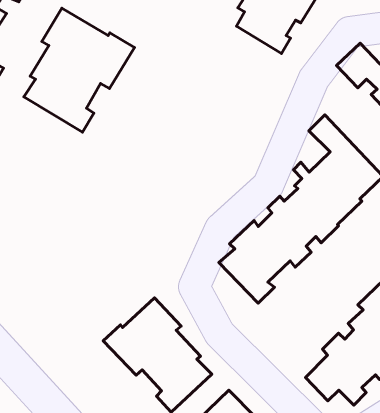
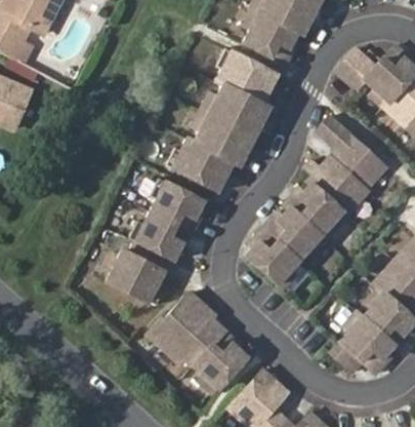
building: [24,8,135,132] -> none
building: none -> [167,47,279,192]
building: none -> [109,178,204,305]

